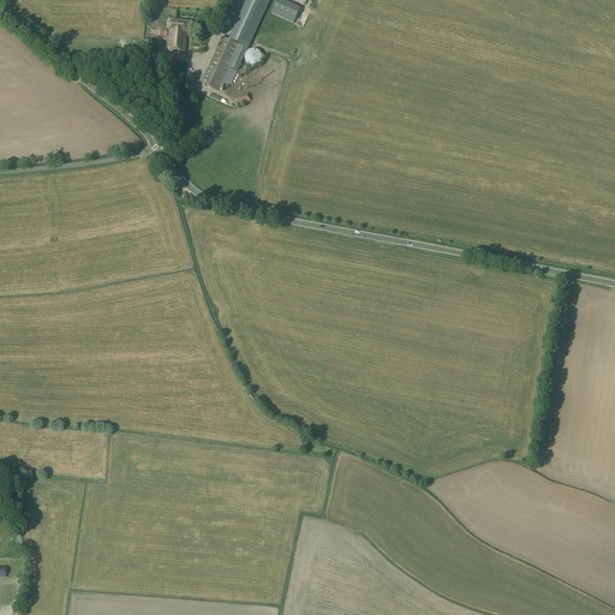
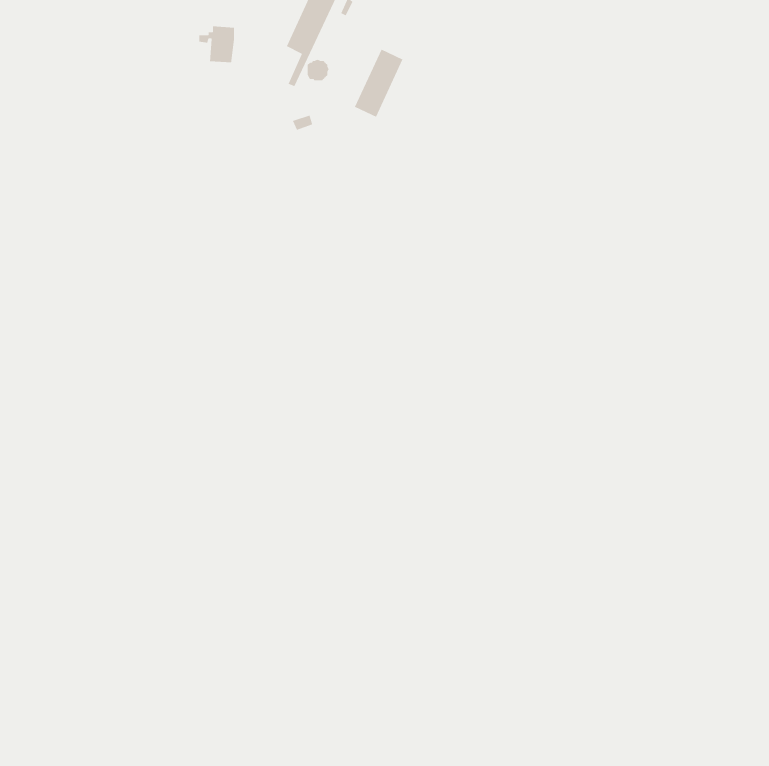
building: [201,35,240,90] -> [354,49,404,118]

